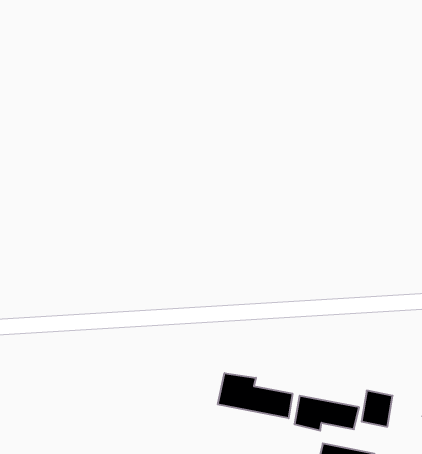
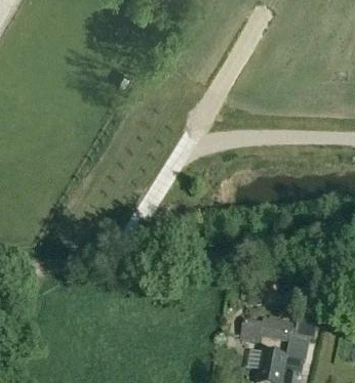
building: [218,373,292,418] -> none

